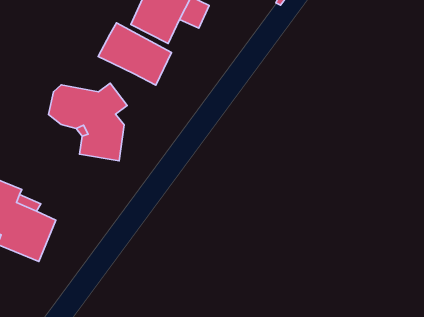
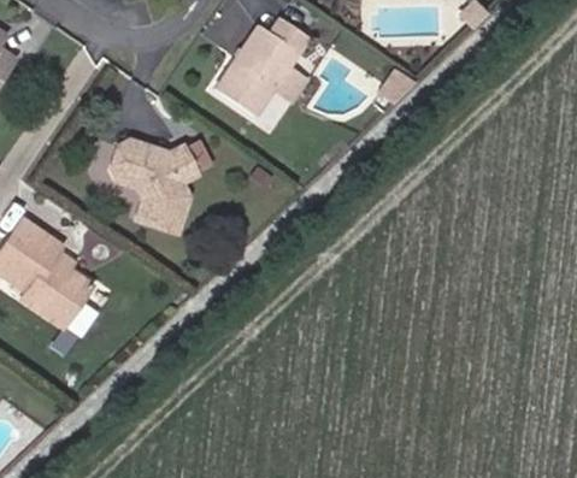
building: [98,23,172,85] -> none

